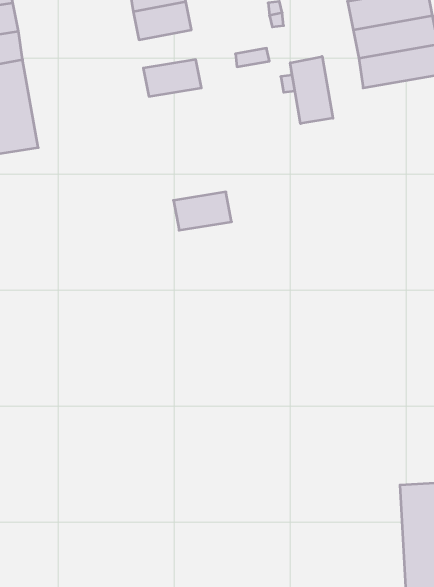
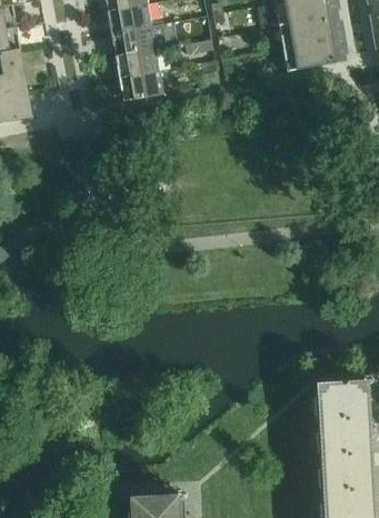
building: none -> [111,24,167,56]
building: [290,56,333,124] -> none
building: [173,192,232,230] -> [119,71,164,101]

